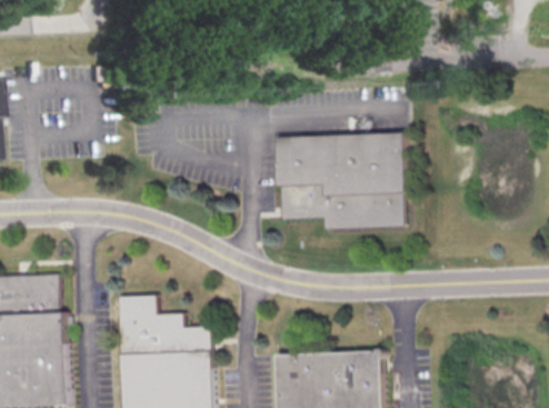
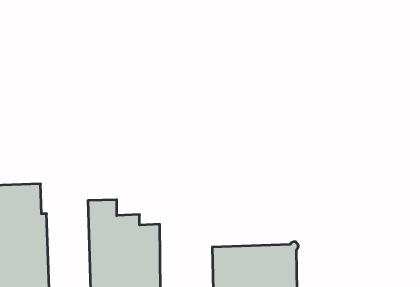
building: [276,131,409,230] -> none

